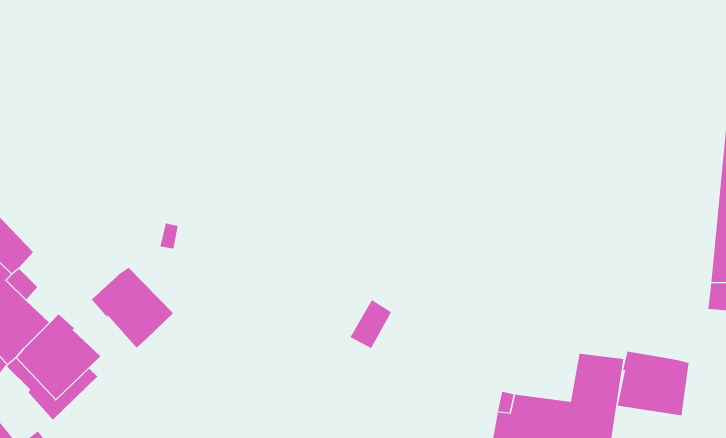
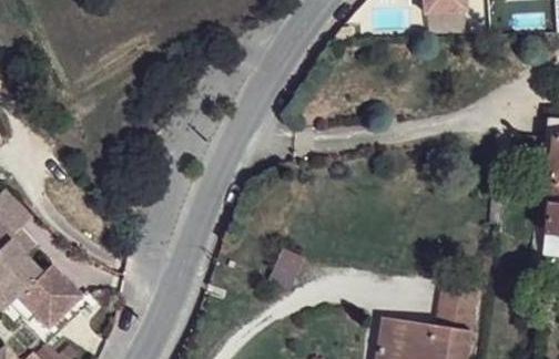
building: [91,267,174,348] -> none
building: [617,351,689,416] -> none

